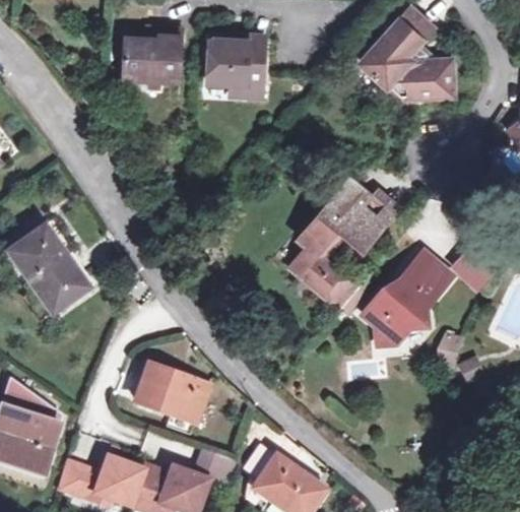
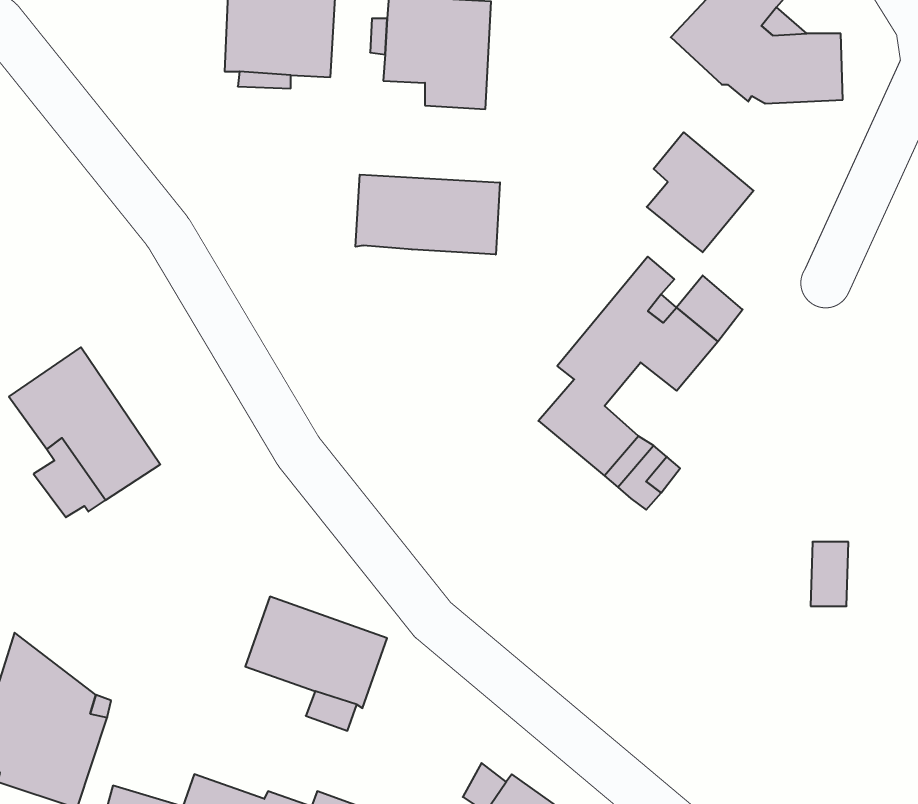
building: none -> [647,132,754,252]
building: none -> [356,175,500,255]
building: [364,250,455,342] -> none

